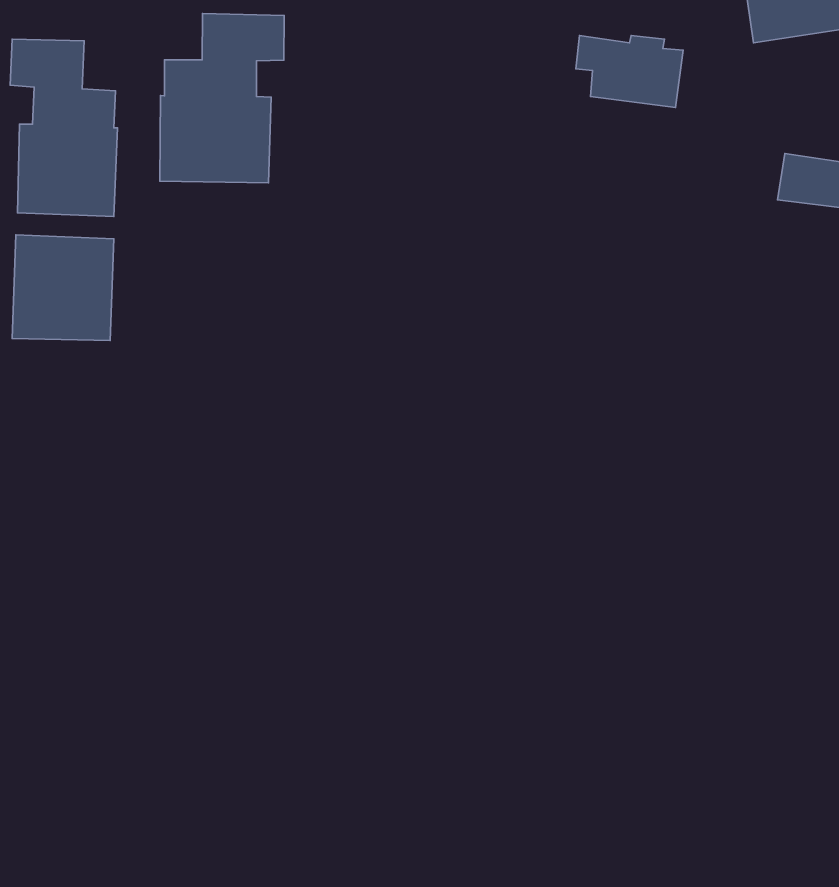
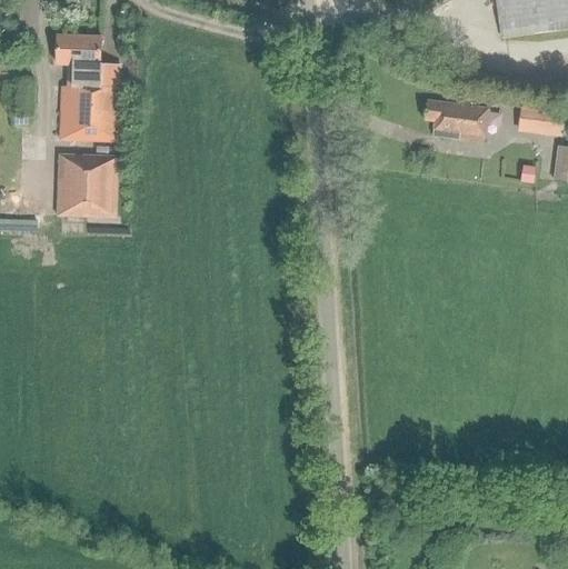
building: [160,14,284,183] -> none
building: [576,36,683,108] -> [423,99,488,142]

